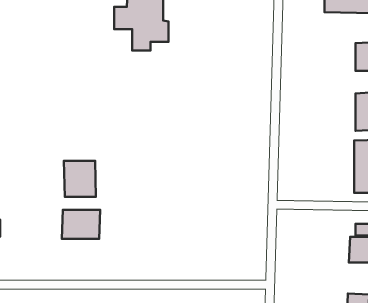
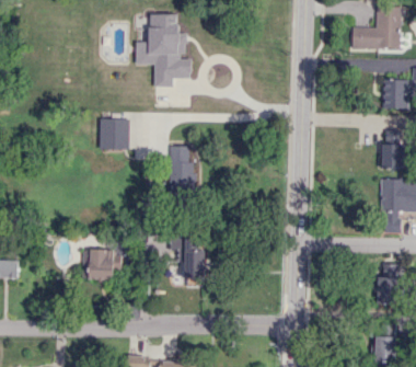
building: none -> [99,118,129,149]
building: none -> [170,145,195,192]
building: [64,161,96,197] -> none
building: none -> [169,233,205,277]

